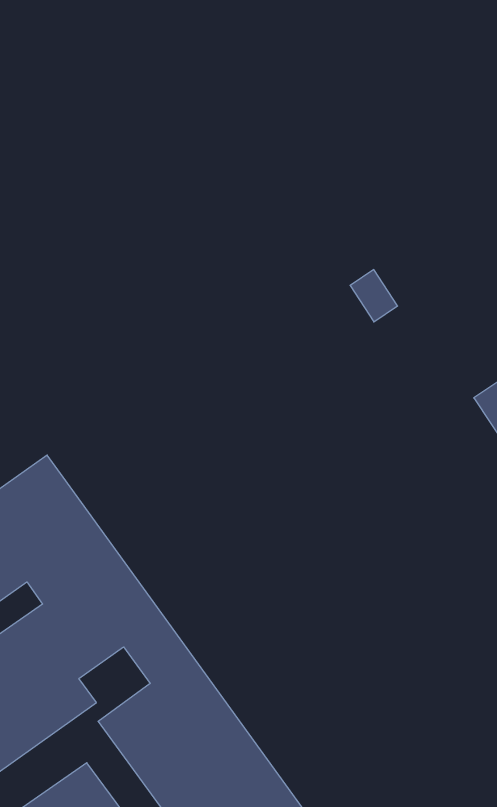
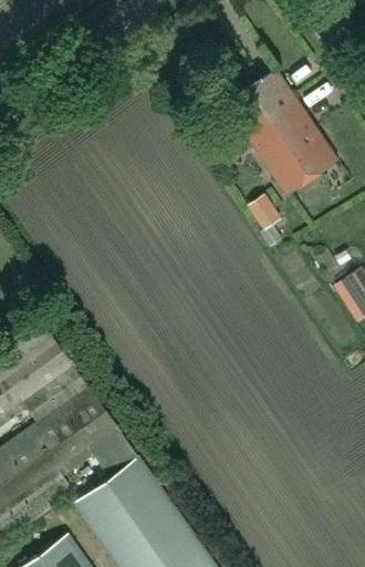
building: none -> [230,70,338,197]

